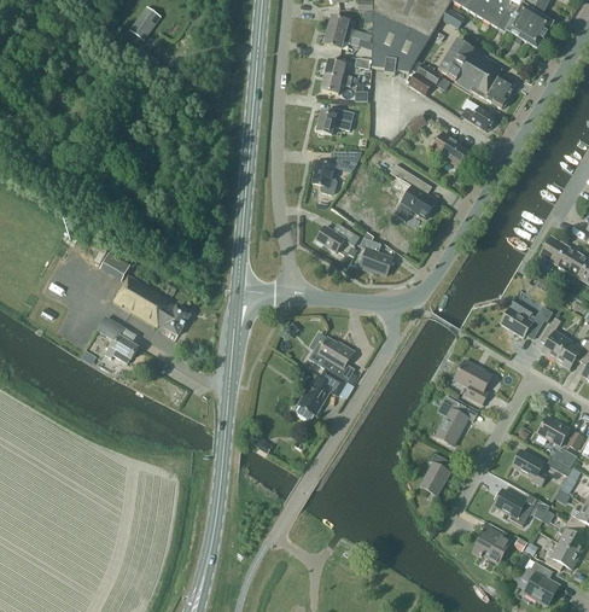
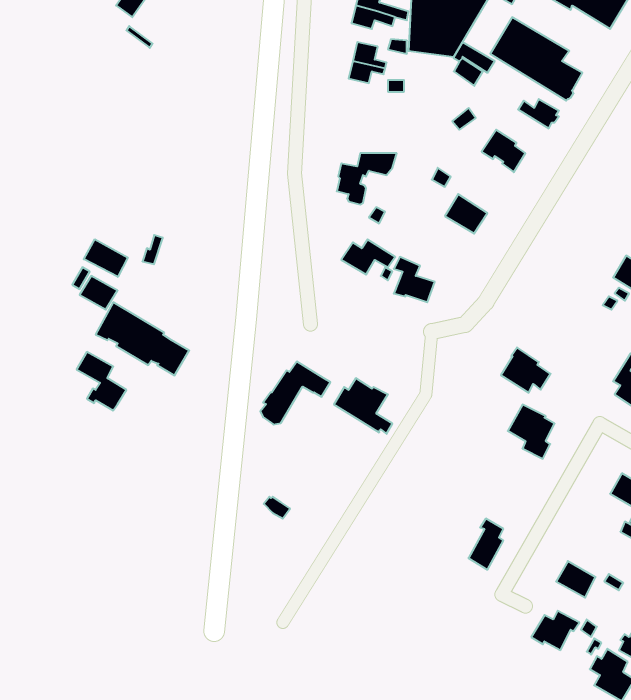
building: [316,107,354,134] -> none
building: none -> [84,239,128,277]
building: [500,299,541,337] -> [501,347,551,393]
building: [295,368,352,420] -> [260,362,330,425]
building: [435,395,477,445] -> none
building: [512,449,546,484] -> none

